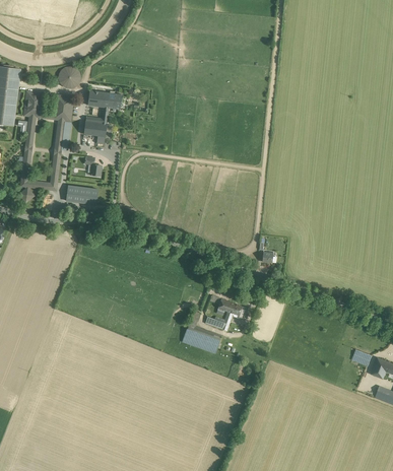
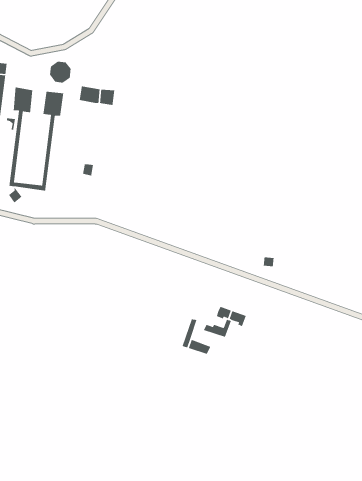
building: [83,108,107,144] -> none
building: [65,185,97,205] -> none

